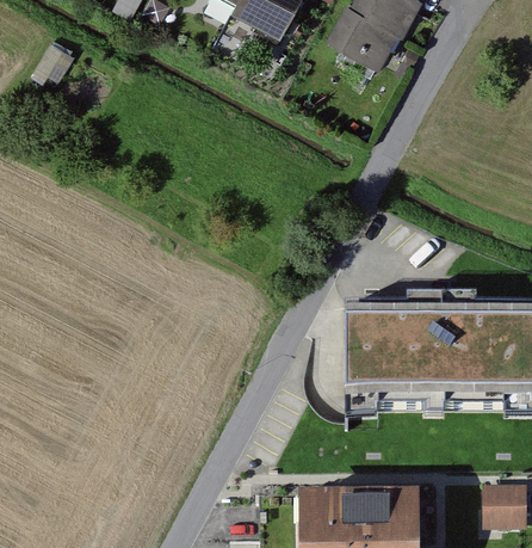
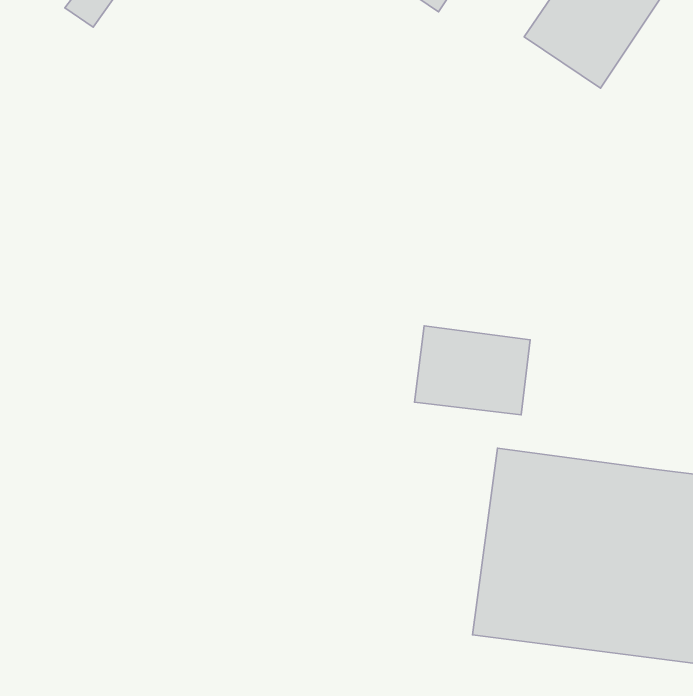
building: none -> [414,326,530,415]

